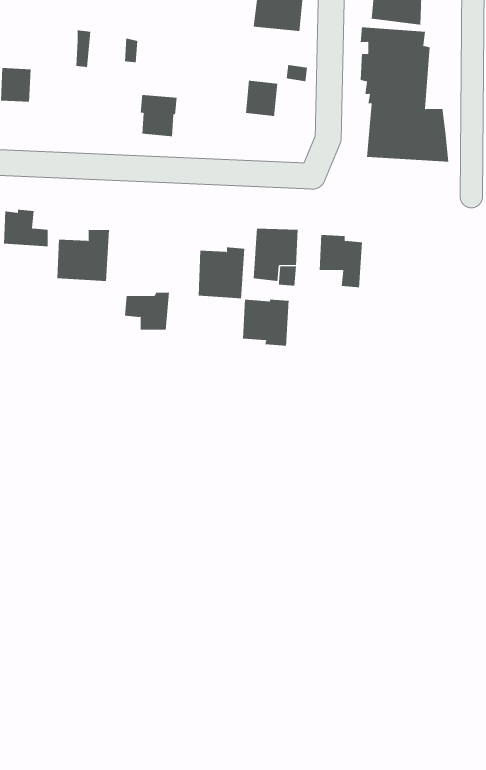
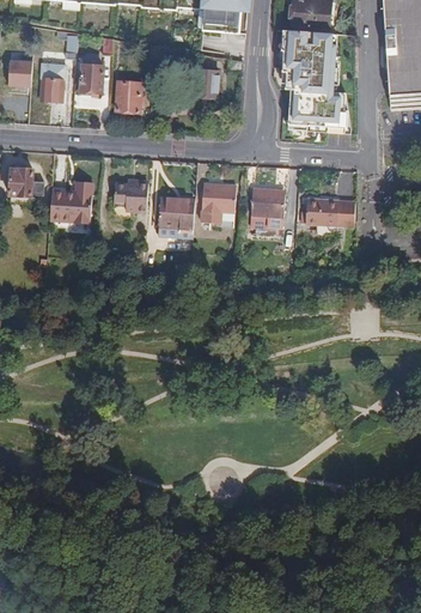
building: none -> [39,62,66,102]
building: none -> [80,65,103,92]
building: none -> [306,198,356,225]
building: [124,292,170,330] -> [114,181,148,210]
building: [242,299,289,346] -> none

